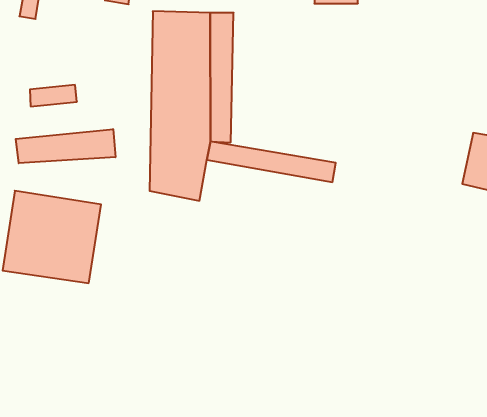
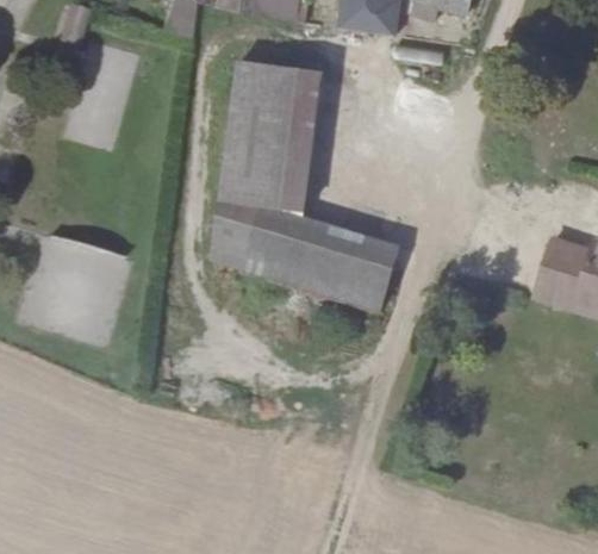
building: [16,129,115,163] -> none
building: none -> [249,228,400,312]

